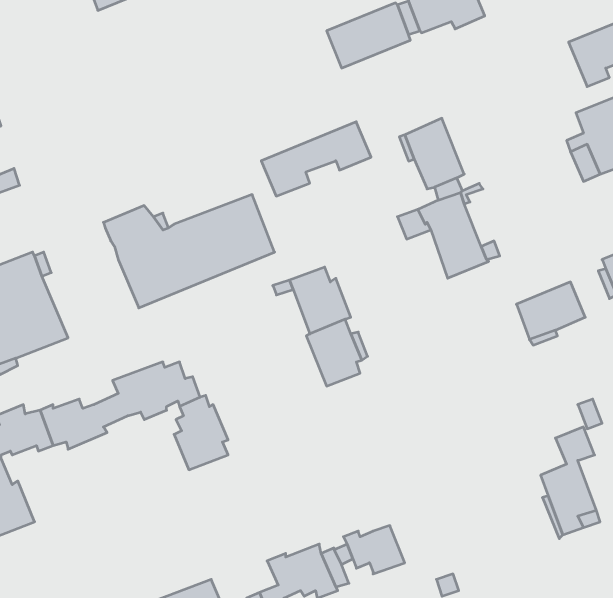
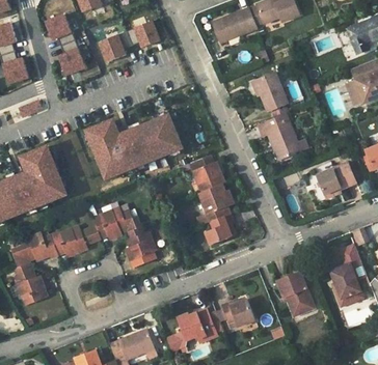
building: none -> [46,13,85,74]
building: [261,122,371,196] -> [99,20,160,61]
building: none -> [205,214,235,245]
building: none -> [276,271,314,312]

